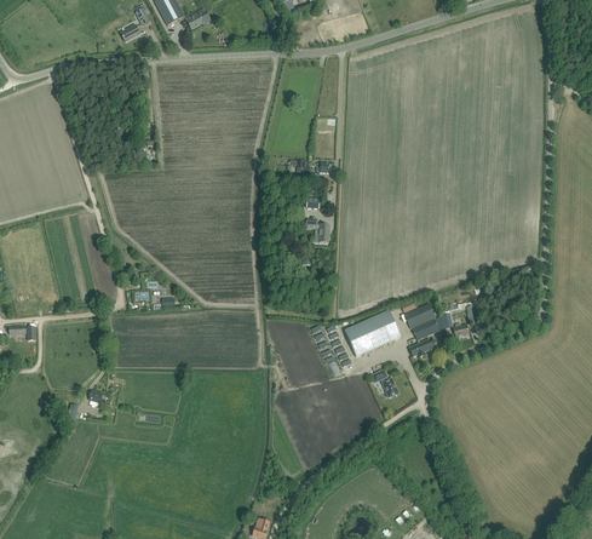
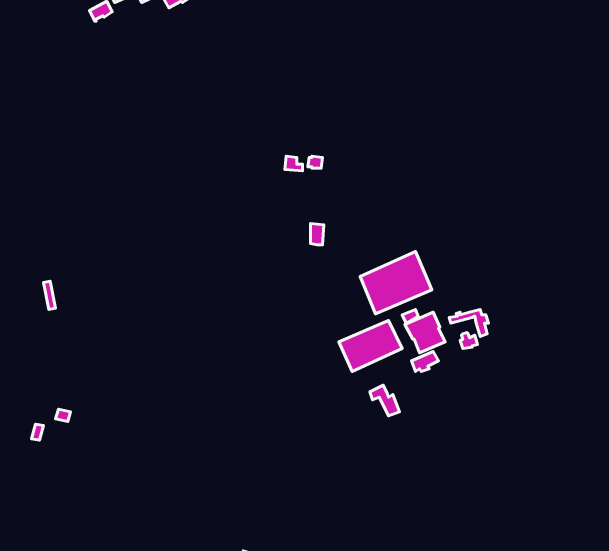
building: none -> [360,251,432,314]

